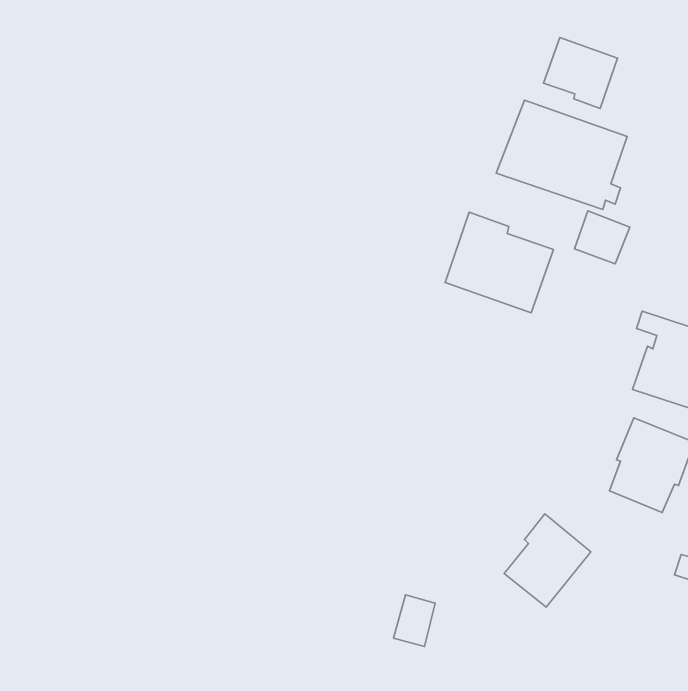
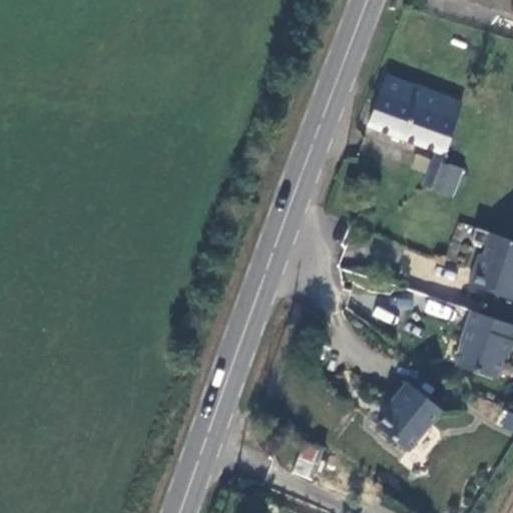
building: [544,38,618,109] -> none
building: [445,212,554,313] -> none

